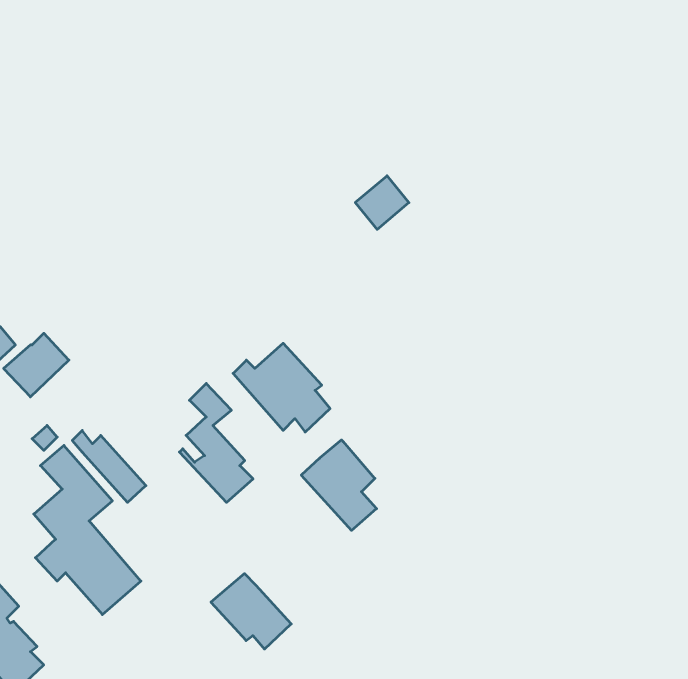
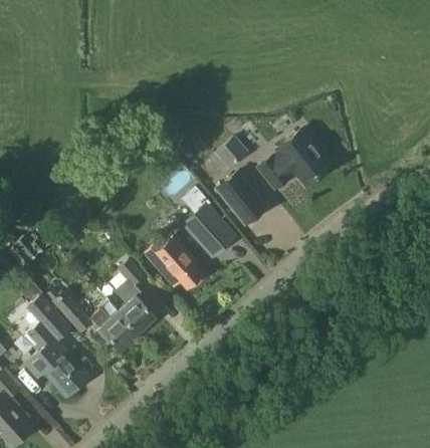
building: none -> [258,131,330,188]
building: none -> [220,173,265,222]
building: [301,440,377,530] -> [183,204,228,258]
building: [211,574,291,649] -> [91,301,140,347]

